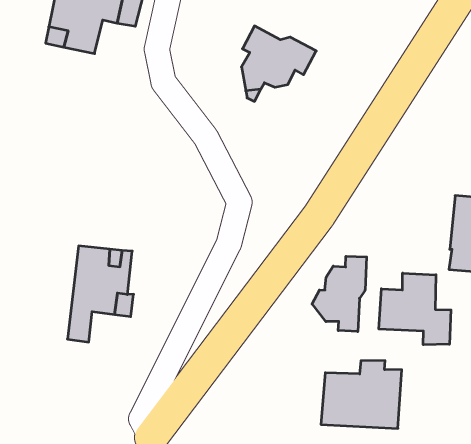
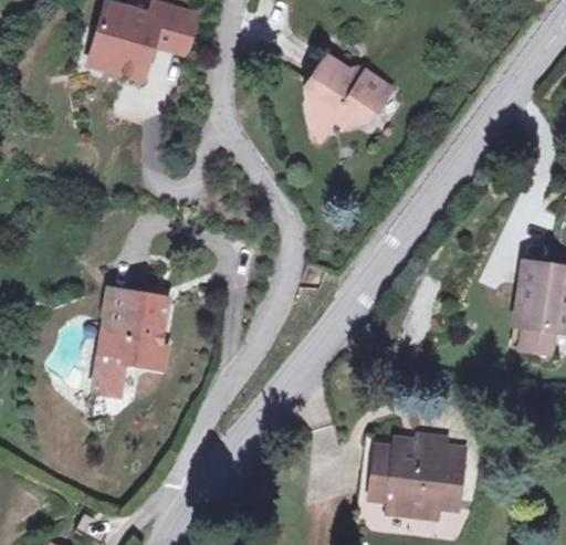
building: [312,256,367,332] -> none
building: [379,273,451,345] -> none

